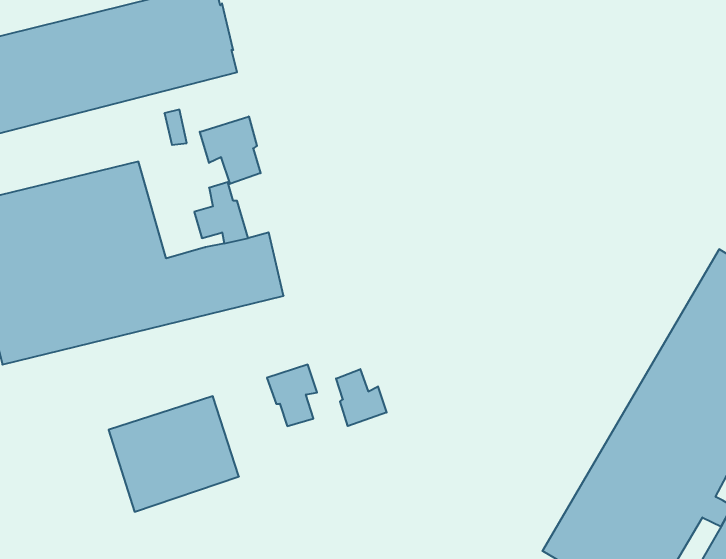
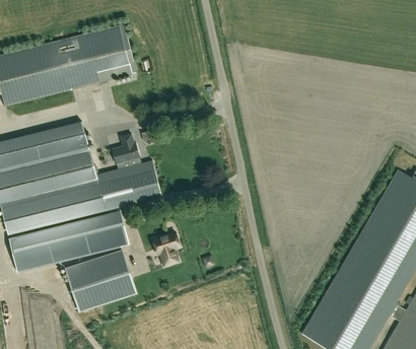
building: [200,116,261,184] -> none
building: none -> [10,217,128,272]
building: [336,369,387,426] -> none

